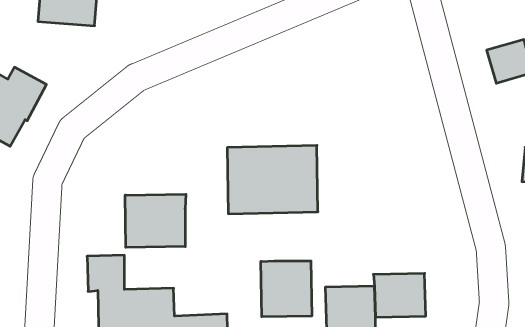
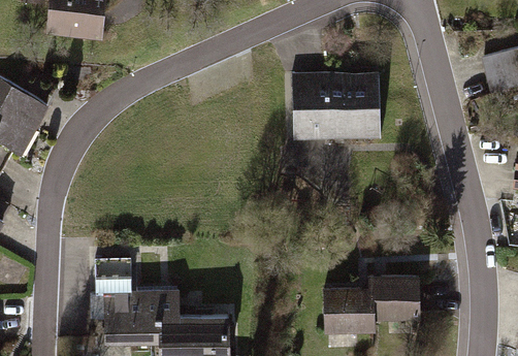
building: [227,145,318,214] -> [291,73,379,139]
building: [125,194,186,247] -> none
building: [261,261,312,317] -> none

